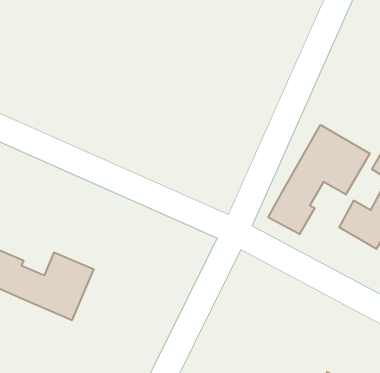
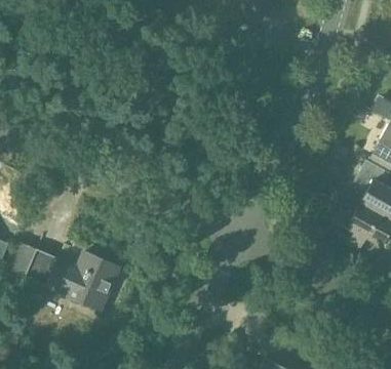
building: [268,125,370,234] -> none

